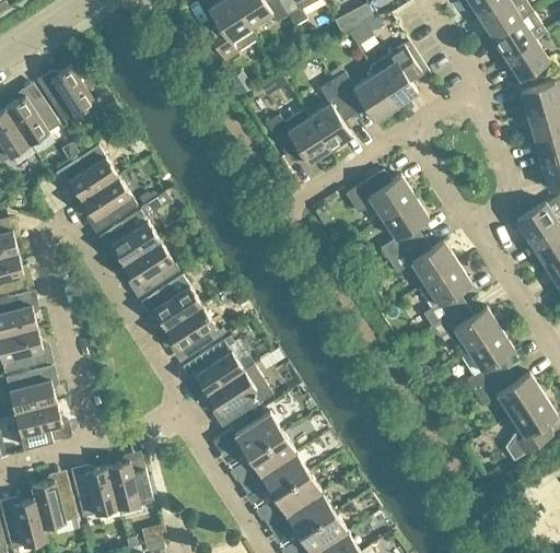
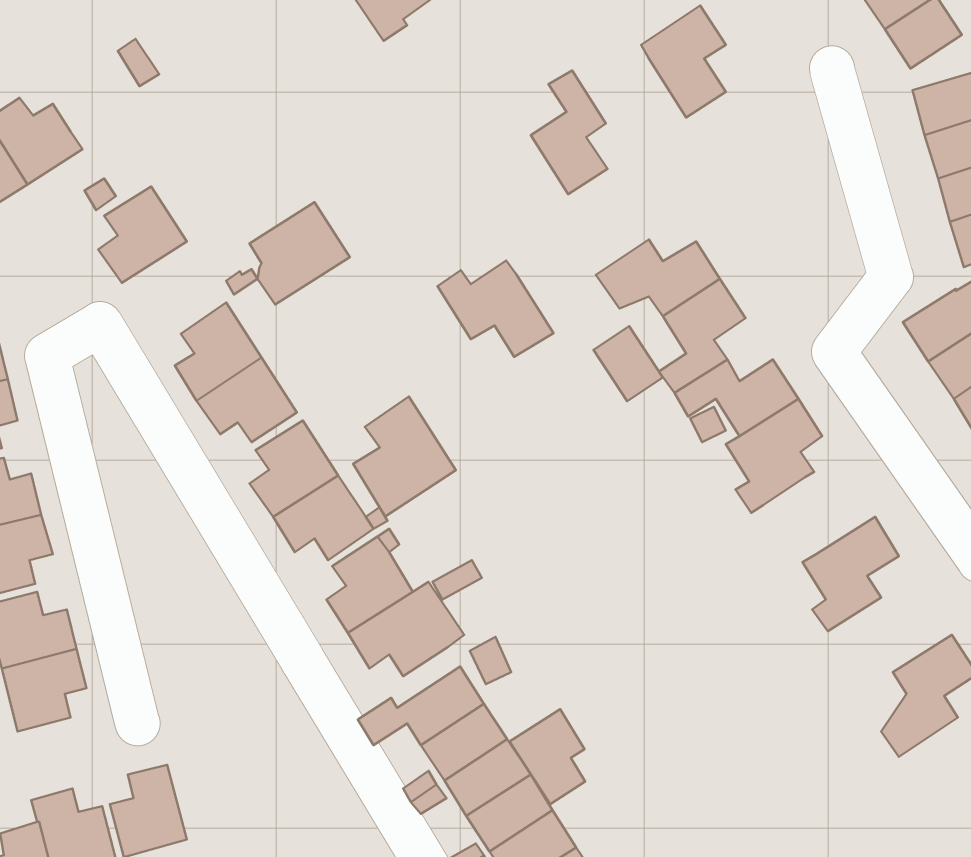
building: [48,66,95,122] -> none
building: [332,72,396,120] -> none
building: [266,109,330,163] -> [437,260,553,357]
building: [82,176,138,233] -> [250,202,350,304]
building: none -> [593,326,663,401]
building: none -> [353,396,456,517]
building: [439,304,501,350] -> none
building: [475,374,544,415] -> none
building: none -> [509,709,585,804]
building: [107,461,153,508] -> none

